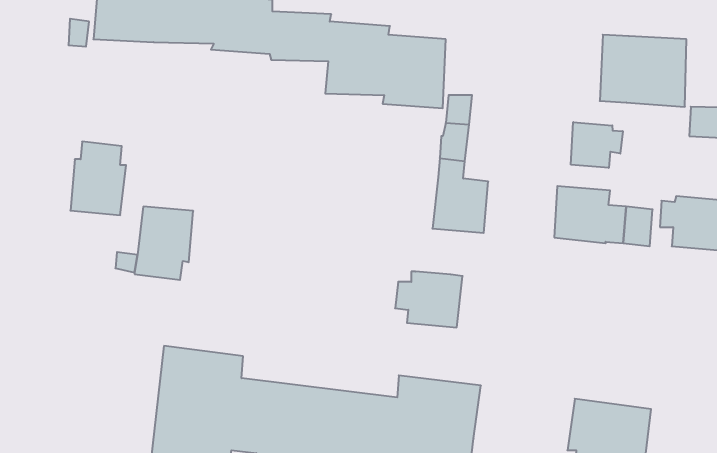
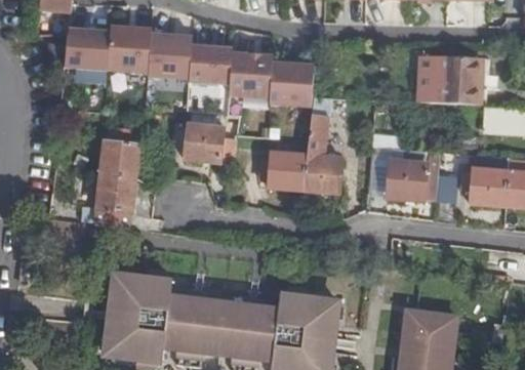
building: none -> [186,112,237,165]
building: [571,122,623,168] -> none
building: [70,142,126,215] -> [102,128,140,179]
building: [395,272,463,327] -> [260,153,308,192]

